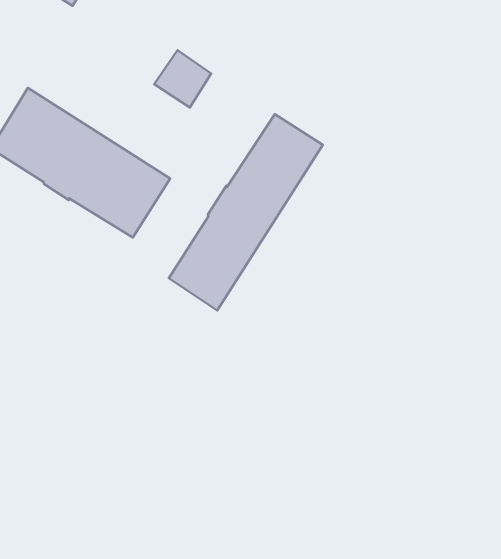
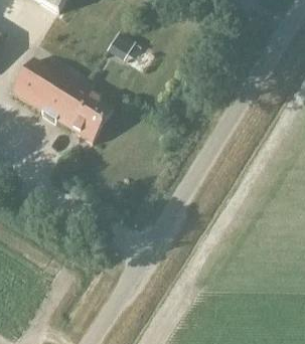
building: [169,114,323,311] -> none

